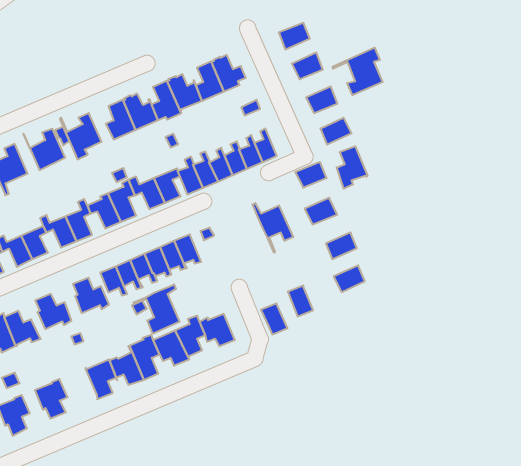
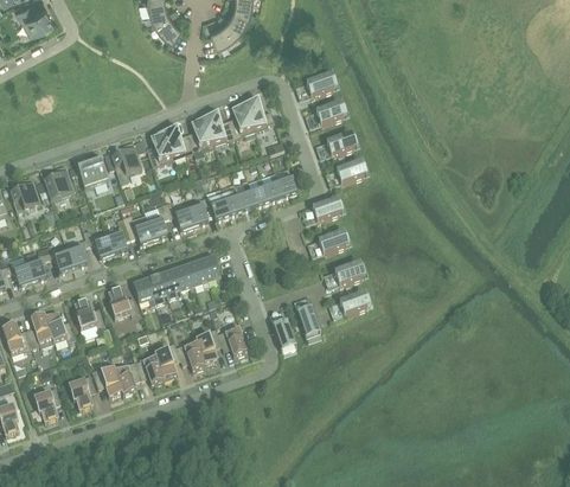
building: [333,48,383,95] -> none
building: [337,146,367,189] -> none
building: [252,203,293,253] -> none
building: [133,284,180,334] -> none
building: none -> [91,366,122,395]

